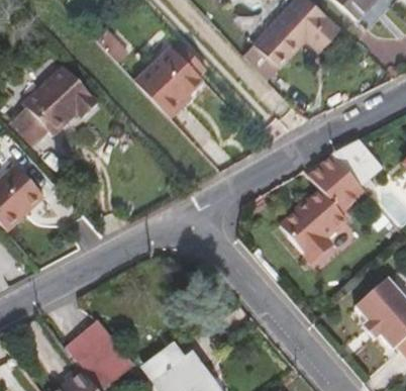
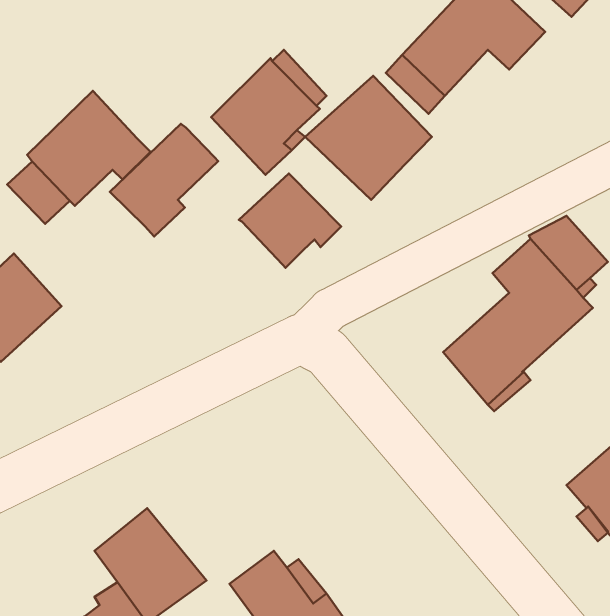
building: none -> [305,76,432,200]
building: none -> [110,124,218,237]
building: none -> [239,173,341,268]

